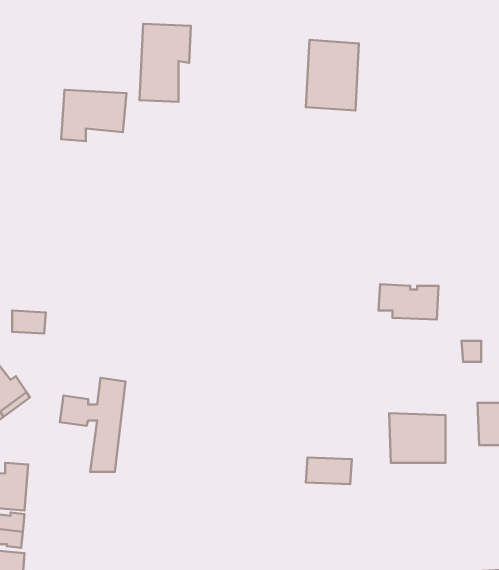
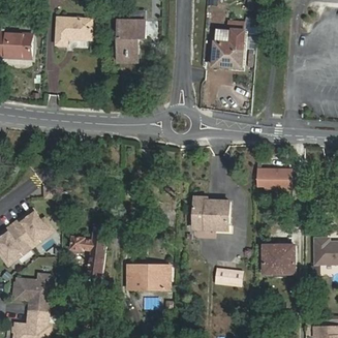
building: [61,90,126,141] -> [55,16,93,45]
building: none -> [192,196,228,229]
building: none -> [128,264,173,291]

